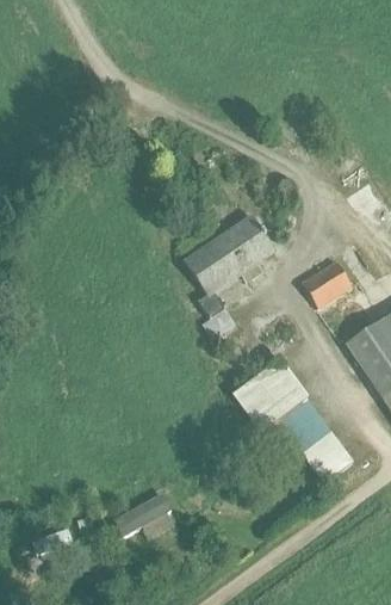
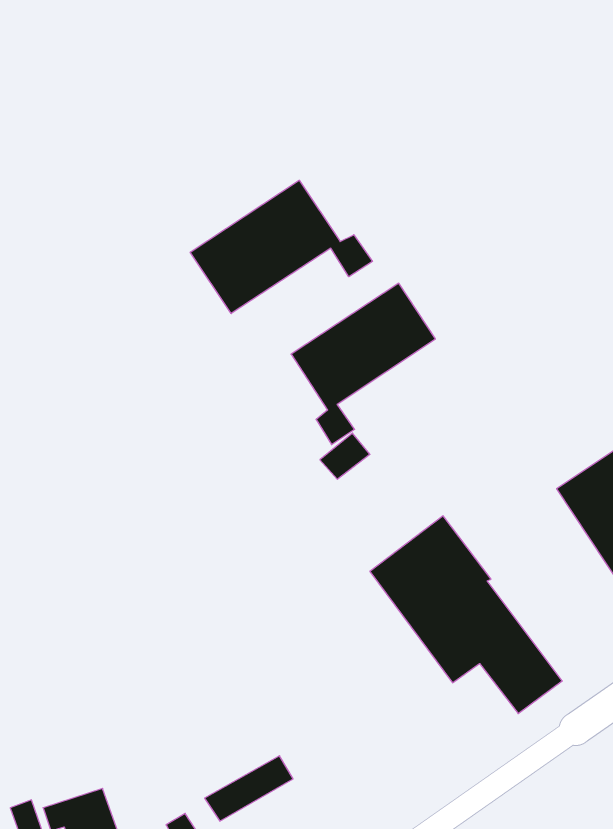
building: none -> [190,180,372,314]
building: [303,260,354,307] -> none
building: [111,493,169,537] -> none

